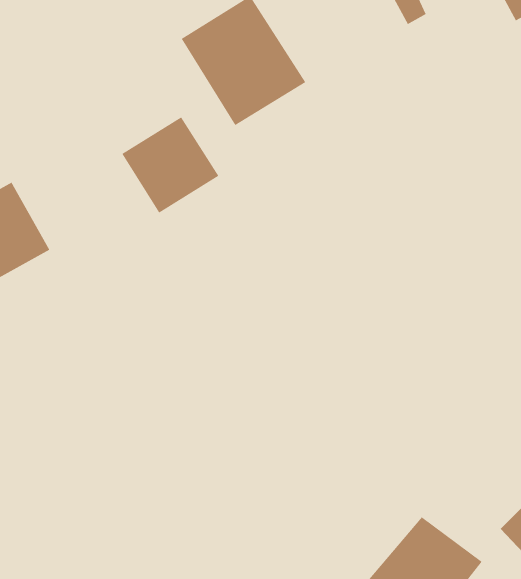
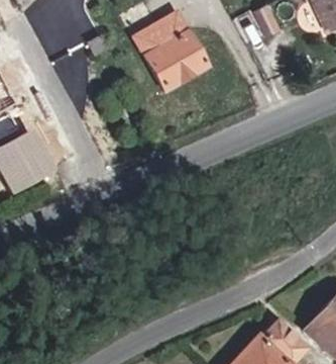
building: [121,116,219,213] -> none

